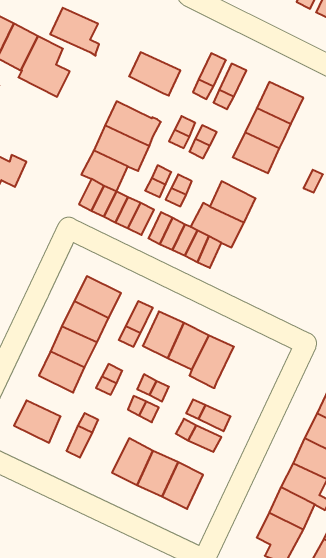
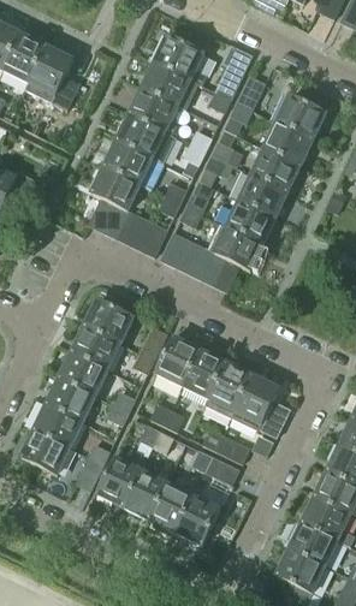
building: [50,8,99,56] -> [154,36,206,87]
building: none -> [129,89,178,135]
building: none -> [239,174,289,218]
building: none -> [232,374,290,436]
building: none -> [34,404,83,447]
building: none -> [97,457,144,506]

